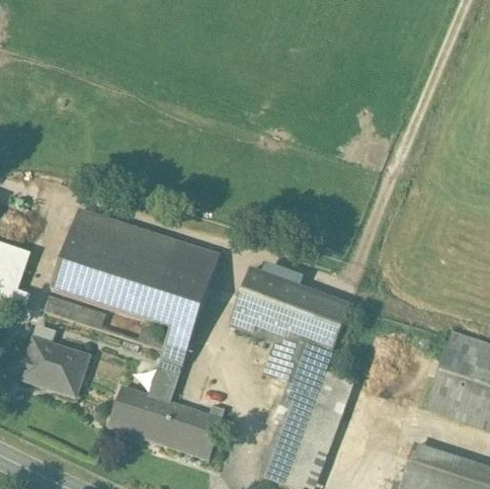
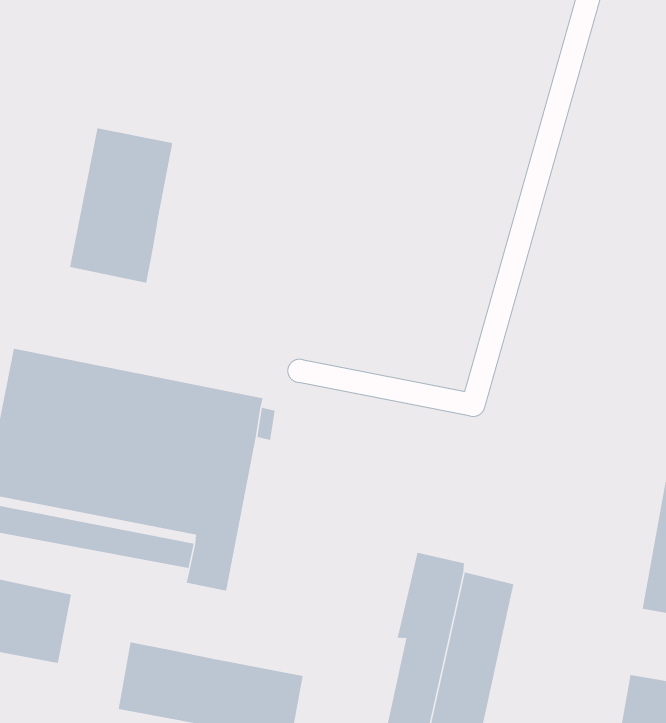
building: none -> [69,127,173,284]
building: [230,265,348,381] -> none
building: [147,356,183,403] -> none

